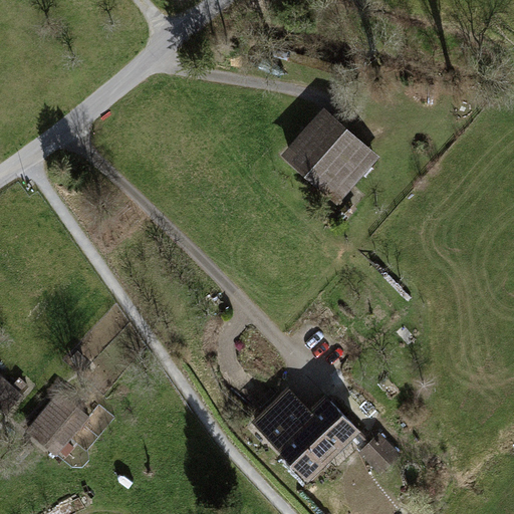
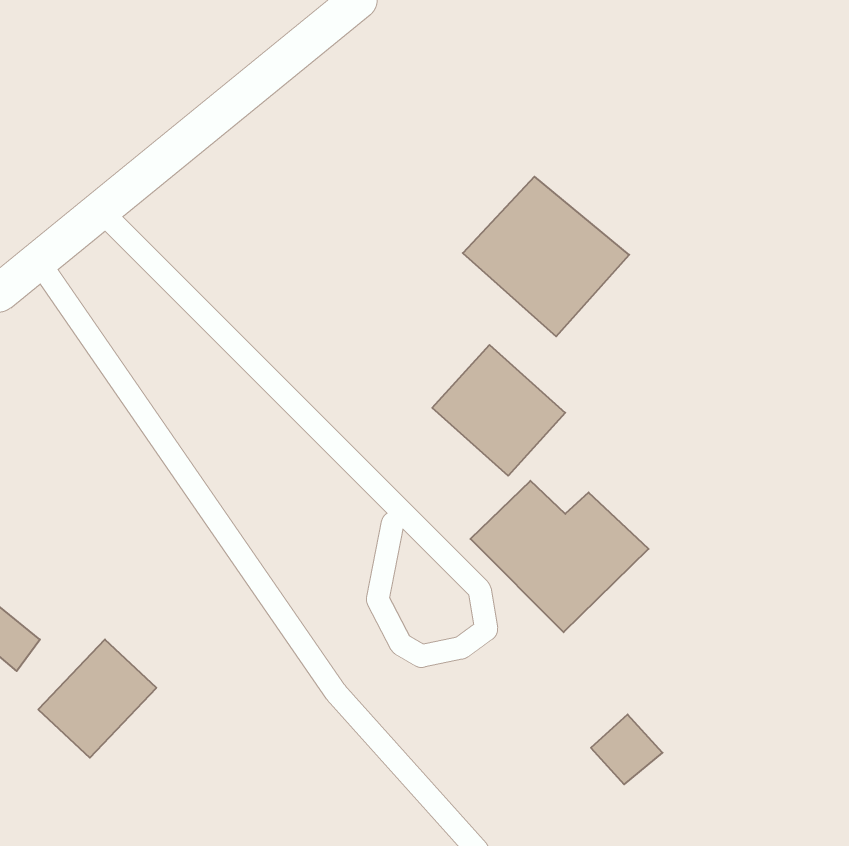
building: none -> [432,345,565,476]
building: [252,390,359,481] -> [470,481,649,632]

